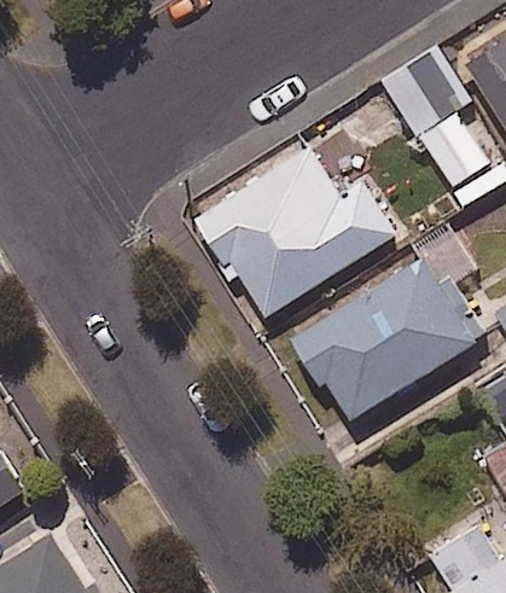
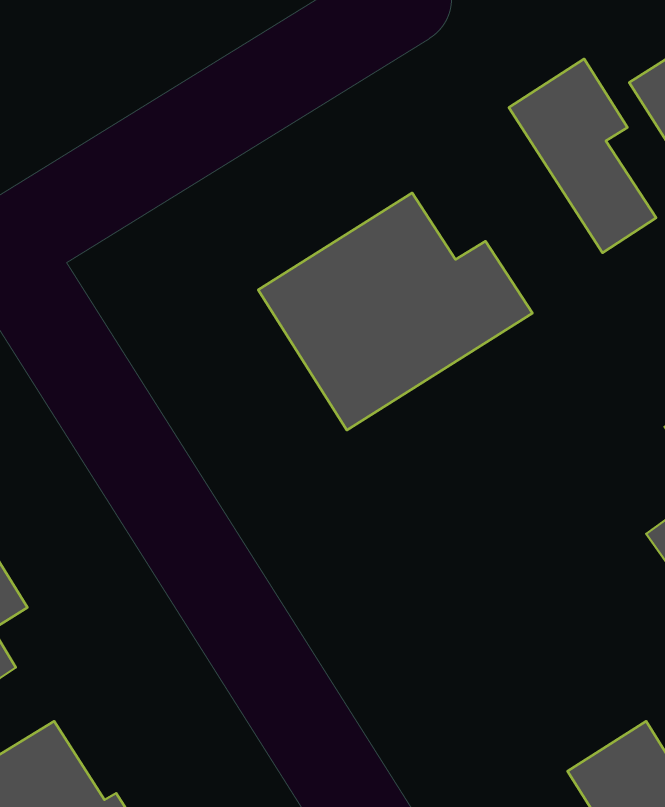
building: [293,217,484,423] -> none

